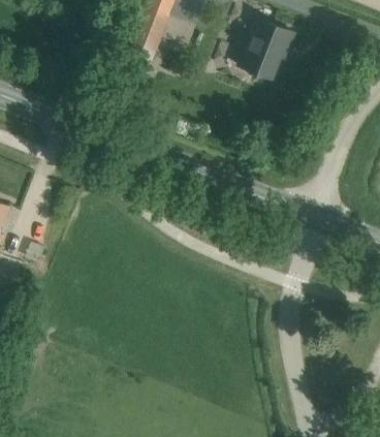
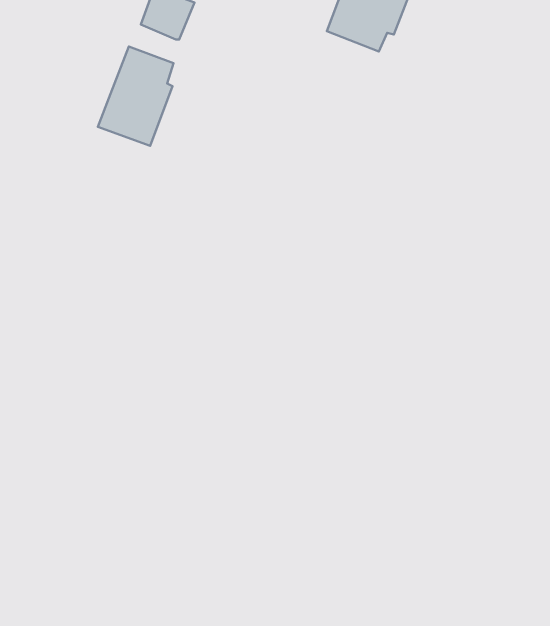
building: none -> [98,47,174,146]

